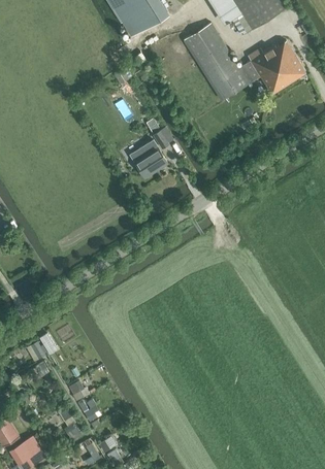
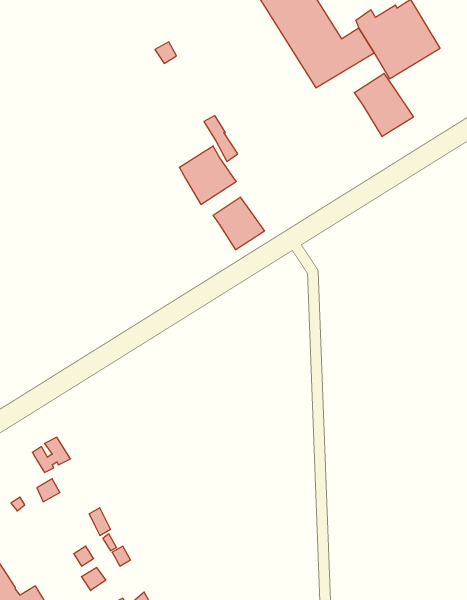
building: none -> [354,73,413,137]
building: none -> [213,197,264,250]

